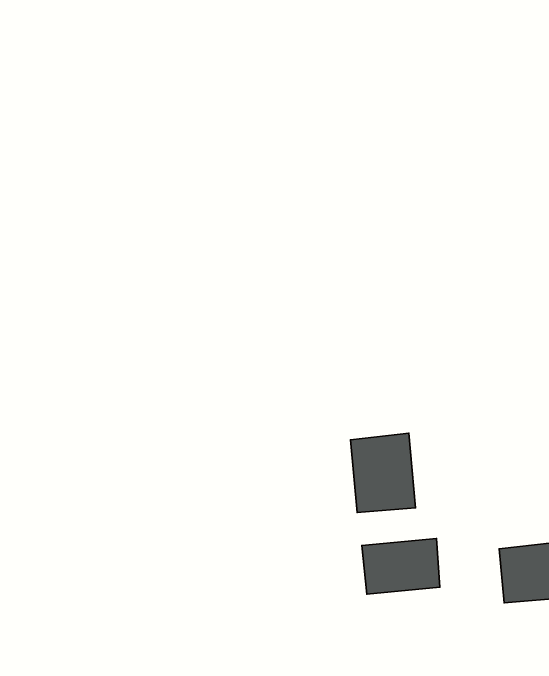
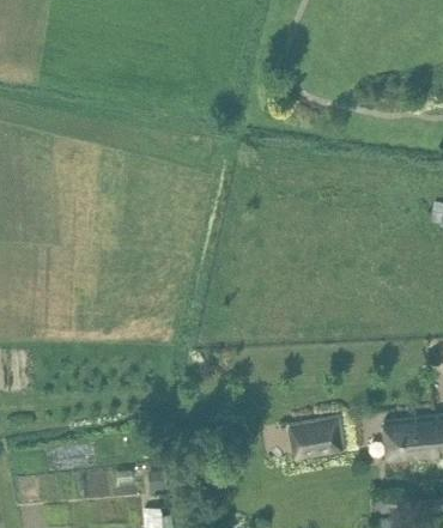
building: [350,433,416,513] -> none

